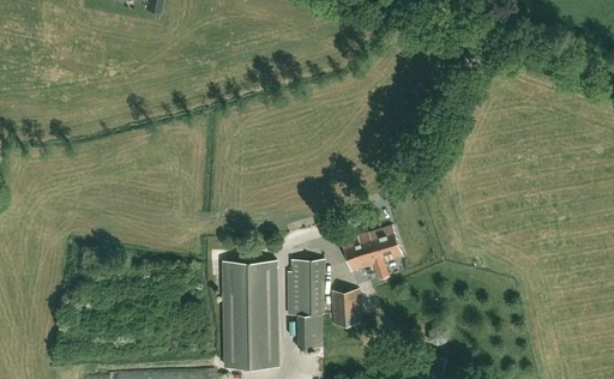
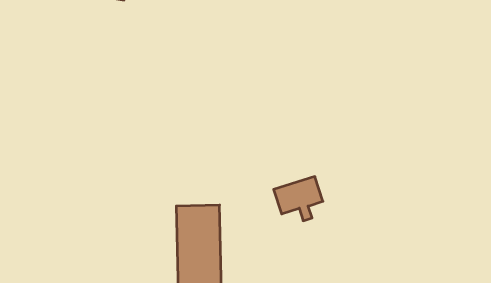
building: [287,259,323,347] -> none
building: [329,289,359,324] -> none

